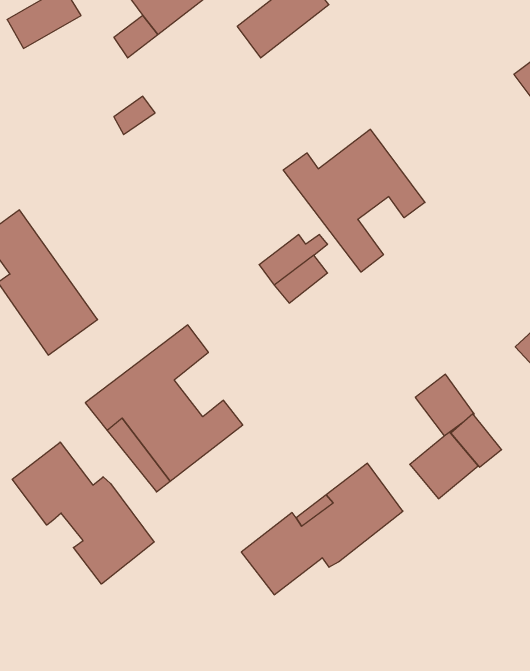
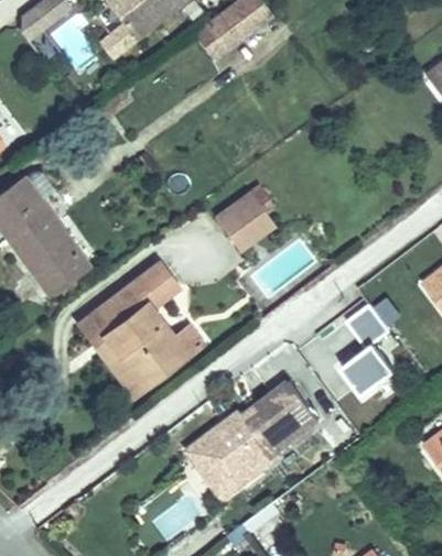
building: [283,129,425,272] -> none
building: [12,442,154,584] -> none
building: none -> [188,449,281,504]

